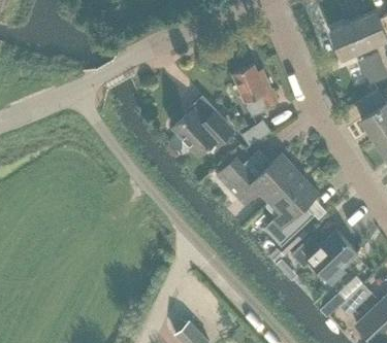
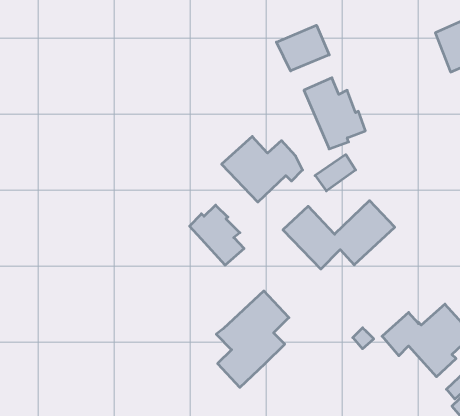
building: none -> [276,25,329,71]
building: none -> [190,205,244,265]
building: [264,174,318,245] -> [216,291,289,387]

